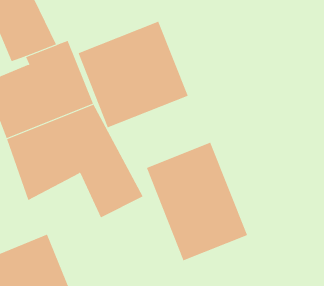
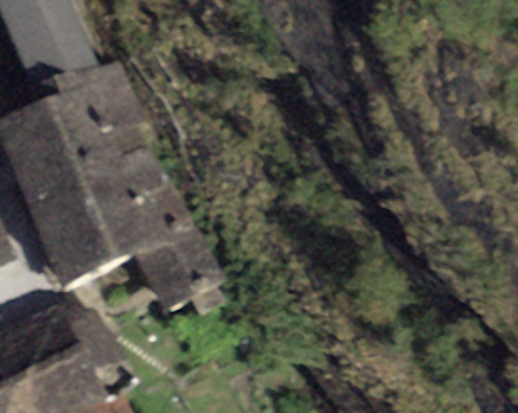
building: [78,21,188,128] -> none
building: [146,142,248,261] -> none

